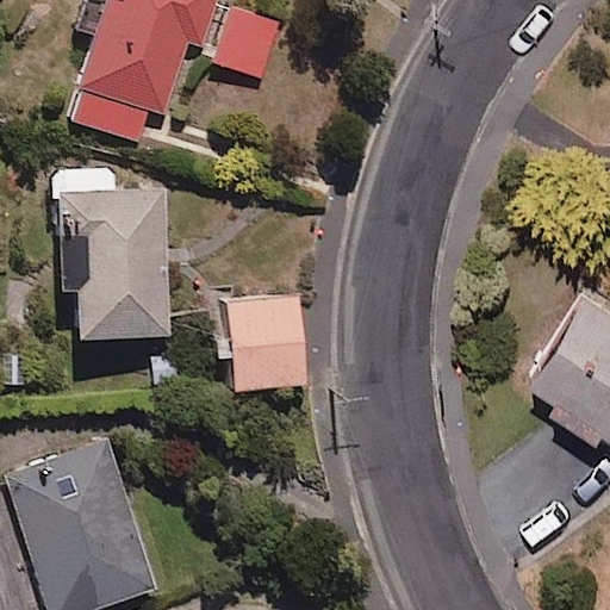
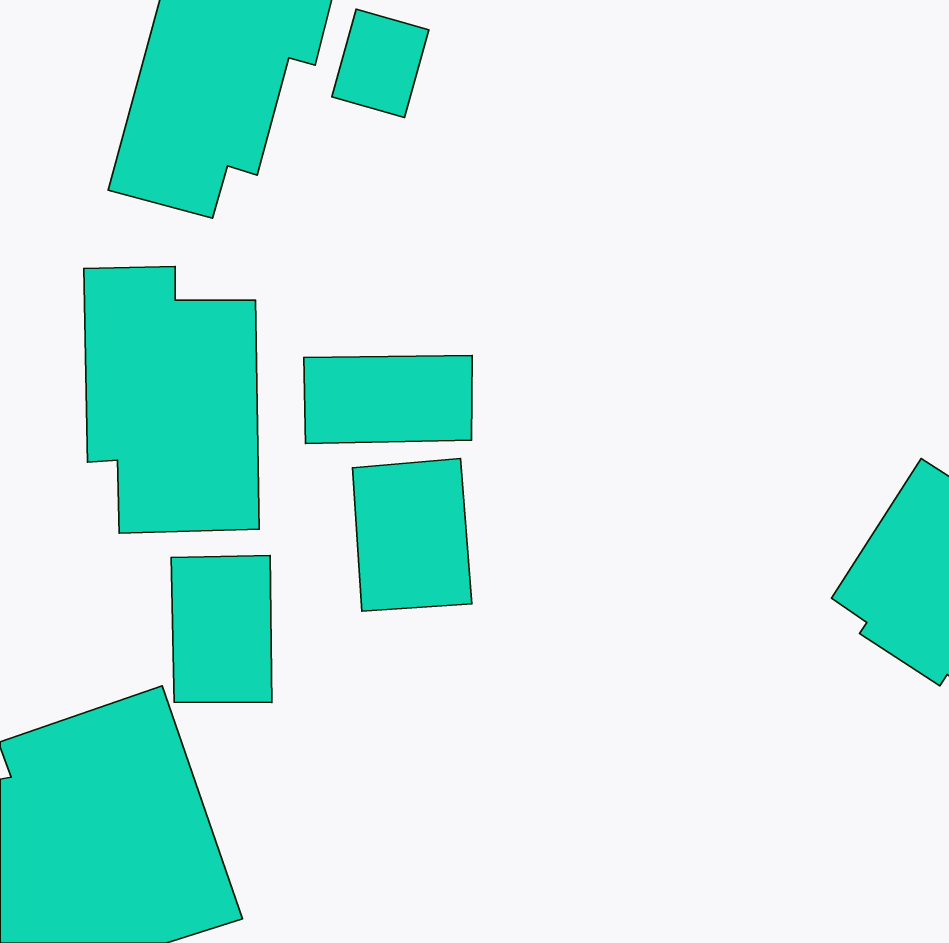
building: none -> [304,355,472,444]
building: none -> [171,556,272,702]

